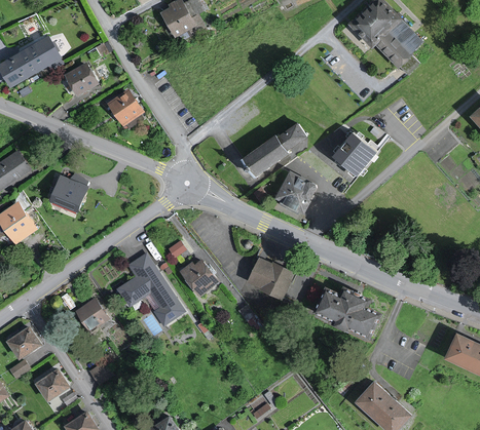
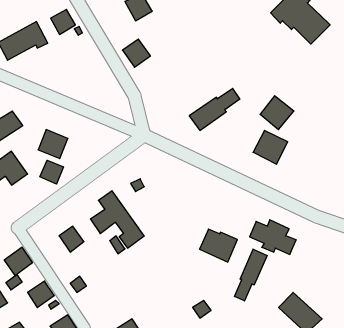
building: [65,64,97,95] -> [51,9,75,34]
building: [107,90,143,126] -> [122,39,150,67]
building: [274,173,319,217] -> [253,130,288,164]
building: none -> [40,160,63,184]
building: [247,258,295,300] -> [200,229,237,262]
building: [179,262,217,297] -> none
building: none -> [234,249,267,301]

